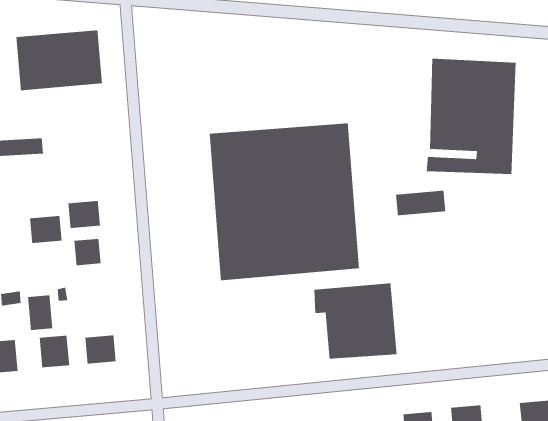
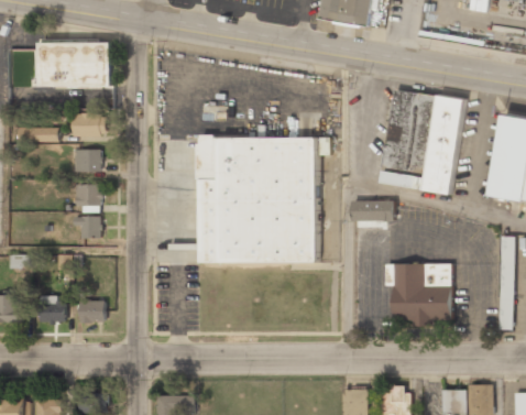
building: none -> [72,113,107,136]
building: [29,215,63,244] -> [74,150,100,172]
building: [314,282,397,360] -> [385,264,452,326]
building: [27,295,53,331] -> none

